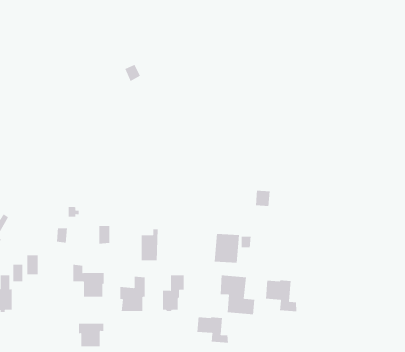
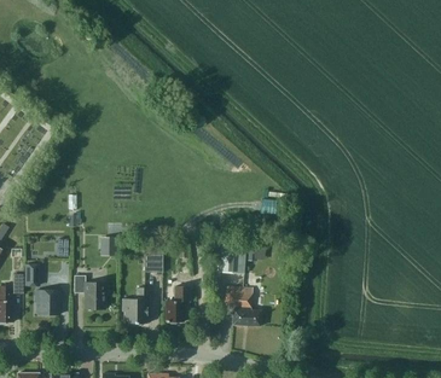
building: [265,280,297,312] -> none
building: [197,317,228,343] -> none
building: [78,323,104,347] -> [36,290,63,314]

